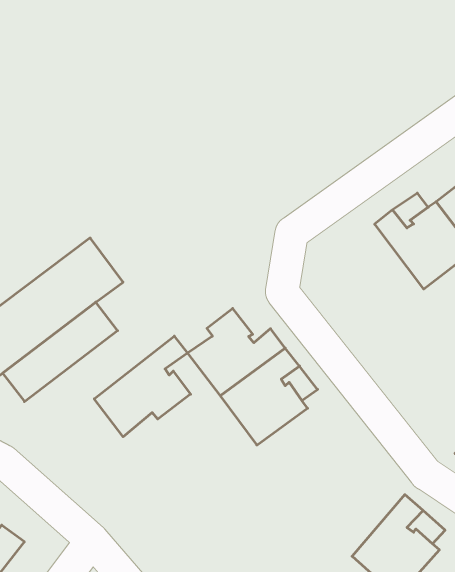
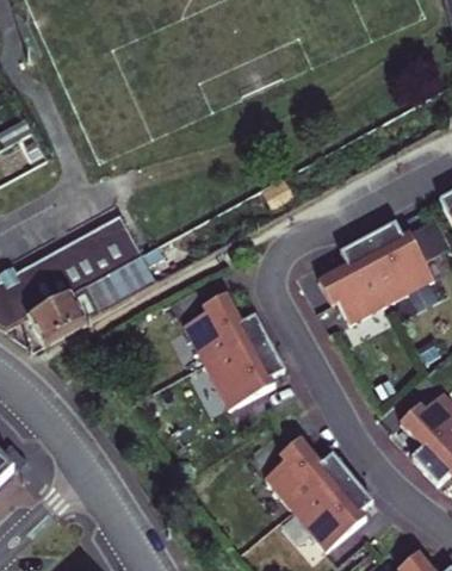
building: none -> [317,242,388,322]
building: [94,336,191,437] -> none
building: none -> [266,439,346,513]

